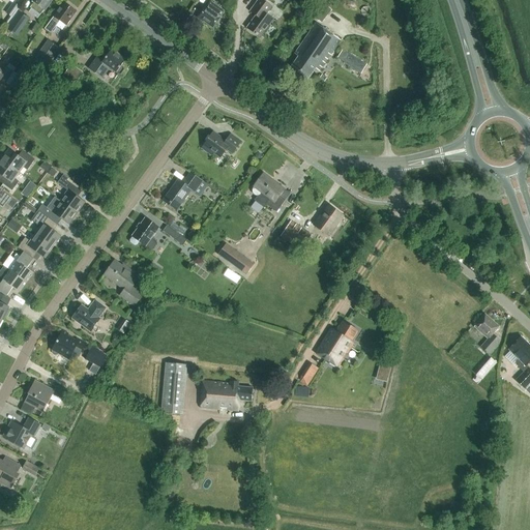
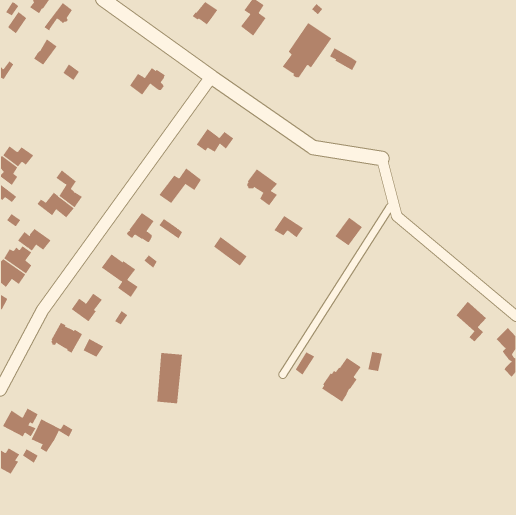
building: [88,50,125,79] -> [129,67,166,96]
building: [314,205,343,235] -> [335,217,363,246]
building: [30,209,60,246] -> none
building: [317,320,358,366] -> [321,357,362,403]
building: [24,380,67,415] -> [31,418,73,453]
building: [200,381,253,411] -> none

